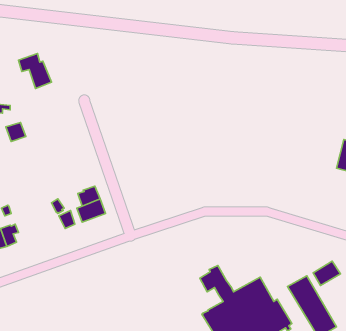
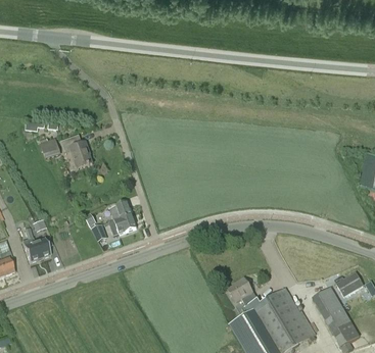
building: [19,54,51,89] -> [60,135,92,168]

